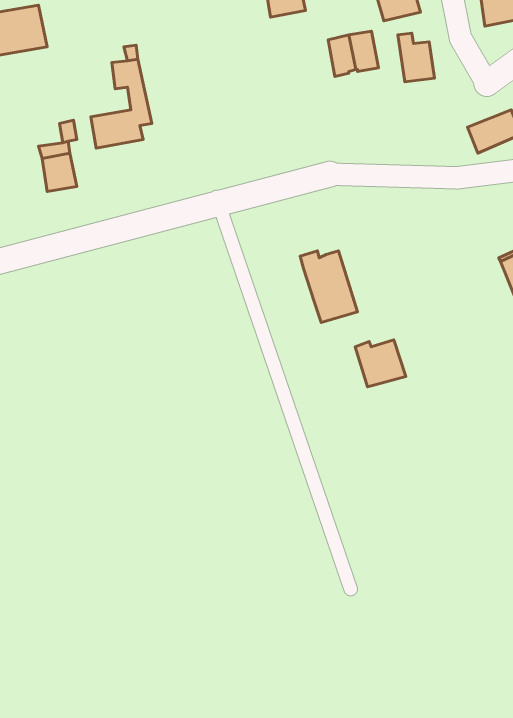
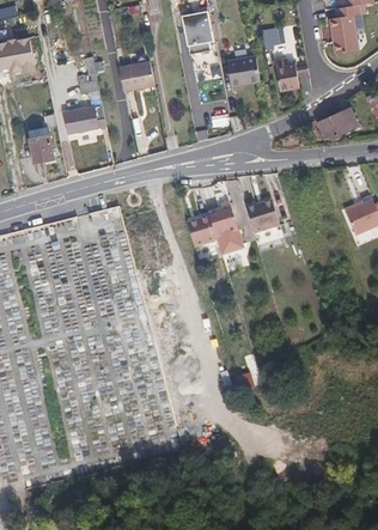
building: none -> [118,59,153,92]
building: none -> [187,218,217,248]
building: [355,340,406,387] -> [246,201,281,233]

